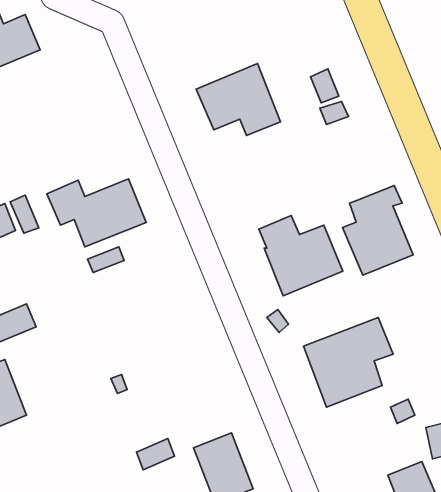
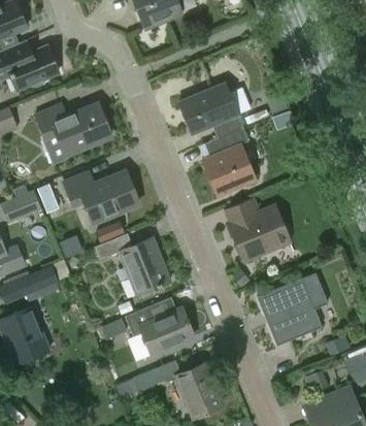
building: none -> [36,103,111,164]
building: [343,185,413,275] -> [202,127,256,195]
building: none -> [94,233,170,294]
building: none -> [125,307,194,354]

